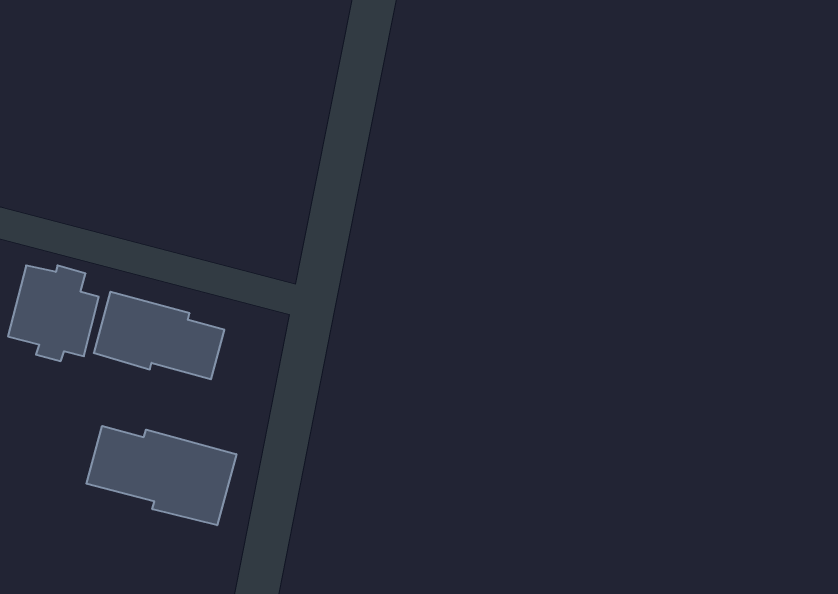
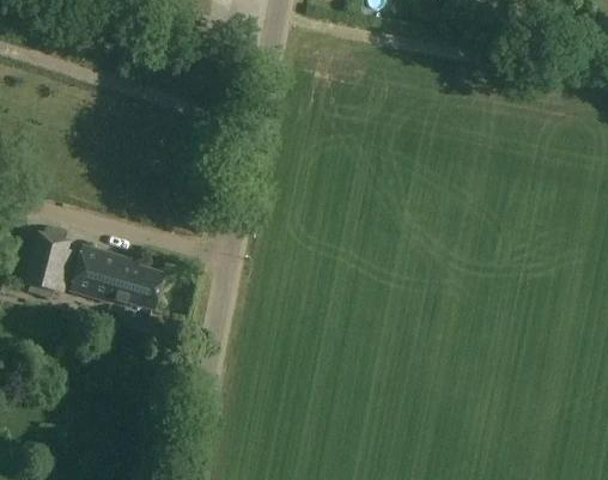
building: [86,426,236,525] -> none

